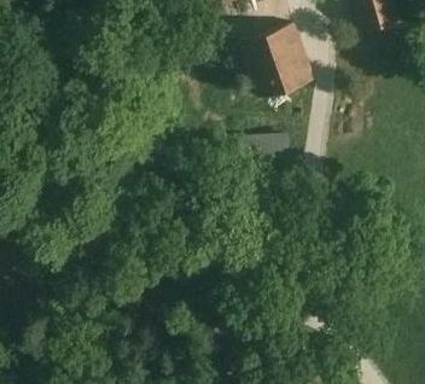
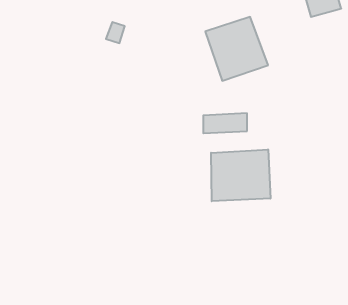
building: none -> [211,149,270,201]

